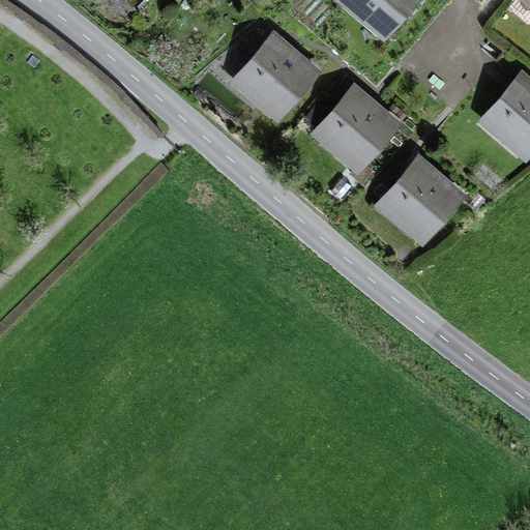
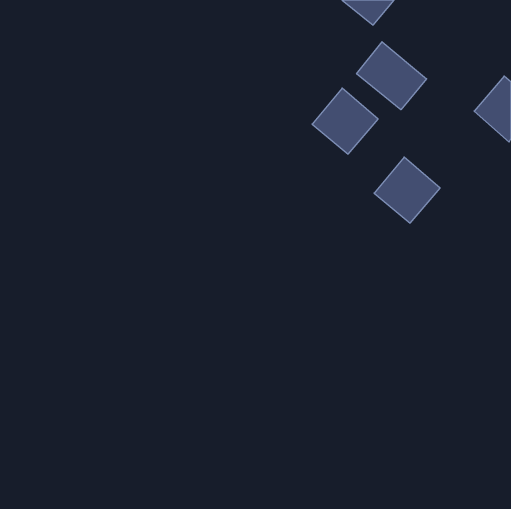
building: [242,41,312,110] -> none
building: none -> [357,42,427,110]

